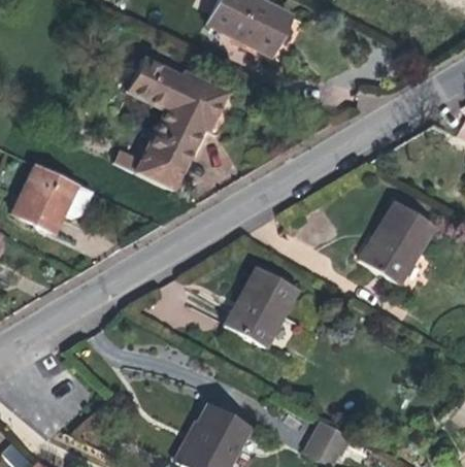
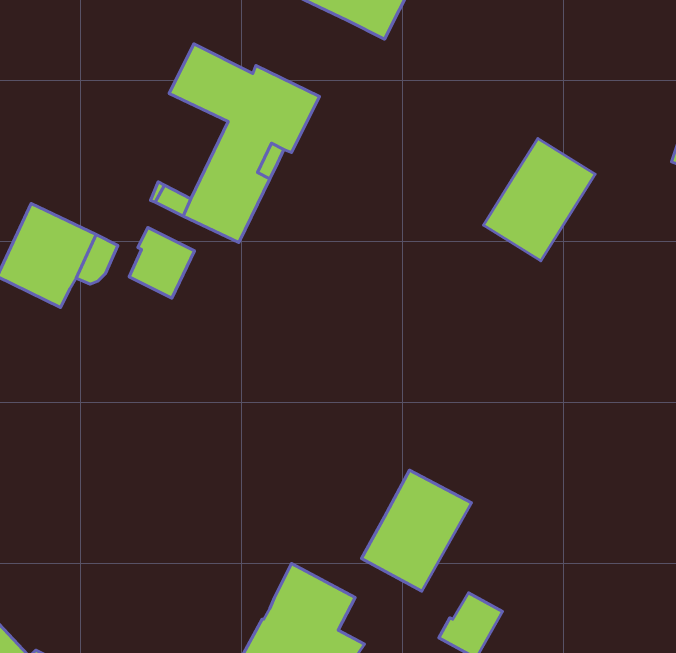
building: none -> [129,228,194,298]
building: [360,202,434,283] -> [483,138,595,261]
building: [225,267,298,347] -> [361,470,472,591]

